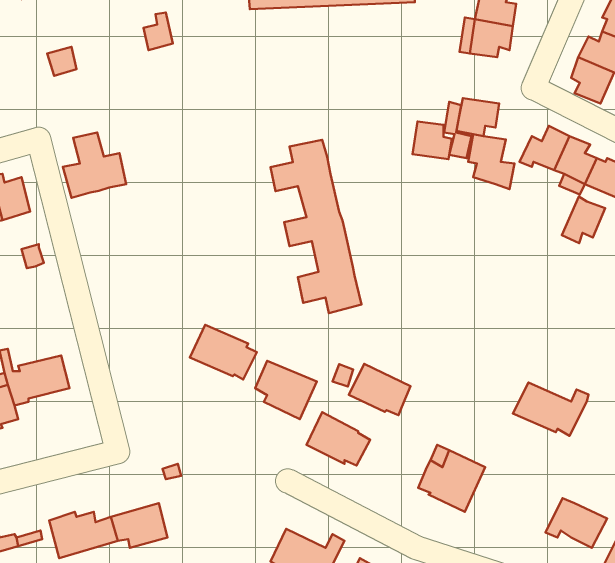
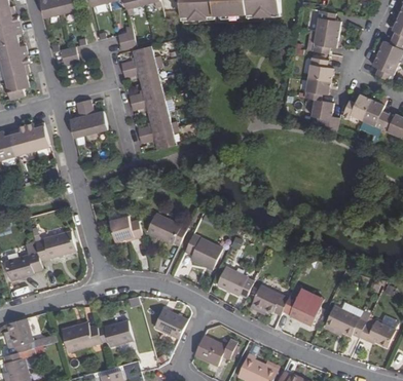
building: [412,122,452,159] -> [309,58,333,80]
building: [270,140,362,313] -> [121,45,176,149]
building: [562,197,605,243] -> none
building: none -> [109,215,143,240]
building: [349,364,411,415] -> [251,284,288,315]
building: [513,383,588,436] -> [325,305,370,337]
building: none -> [152,307,188,343]

